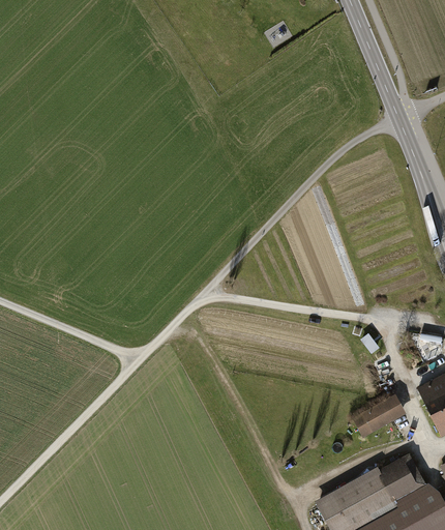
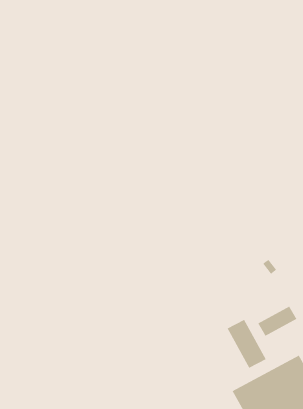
building: none -> [226,319,267,369]

